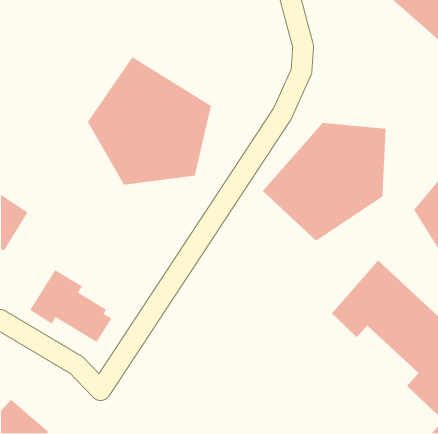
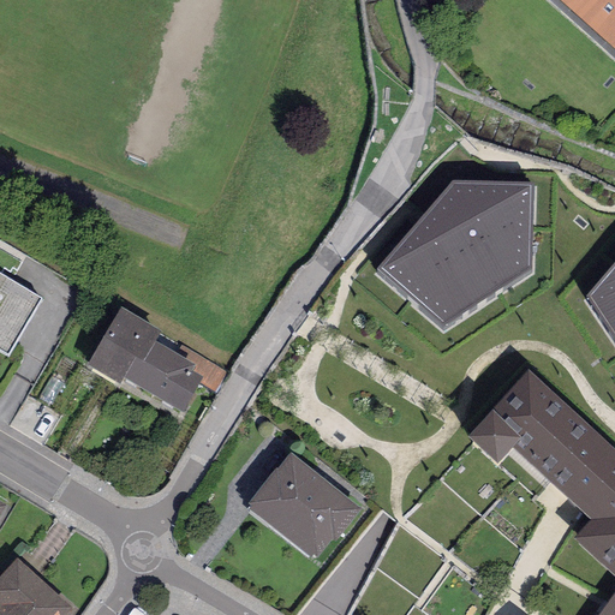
building: [87,56,212,185] -> none
building: [29,269,112,343] -> [86,306,203,410]
building: none -> [247,450,362,559]

